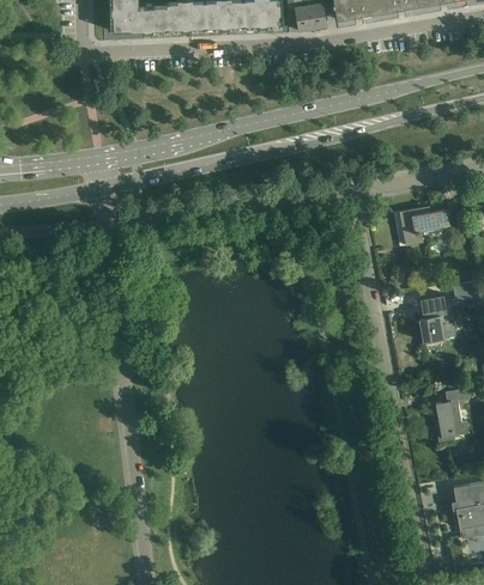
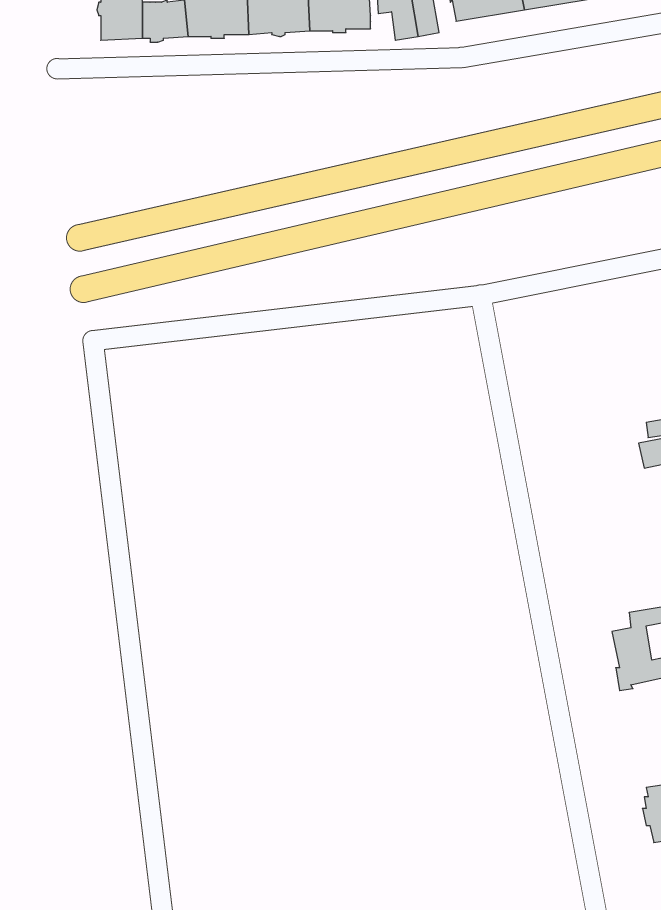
building: [398,208,449,246] -> none
building: [418,295,455,342] -> none

